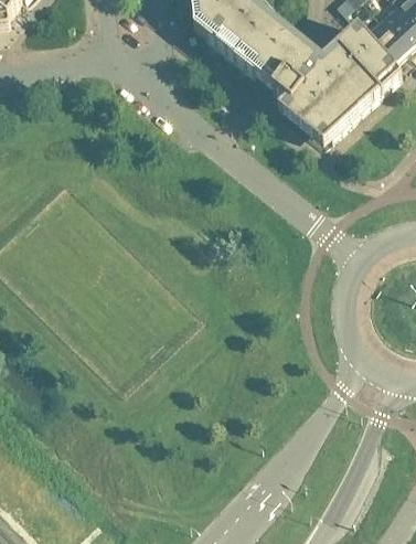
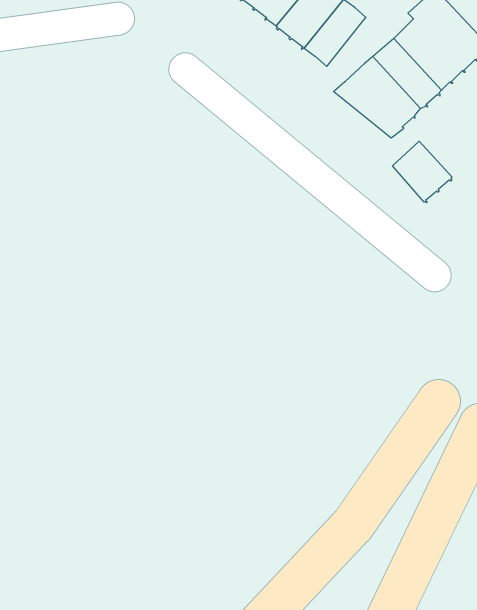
building: [275,44,319,95] -> none
building: none -> [393,141,452,203]

